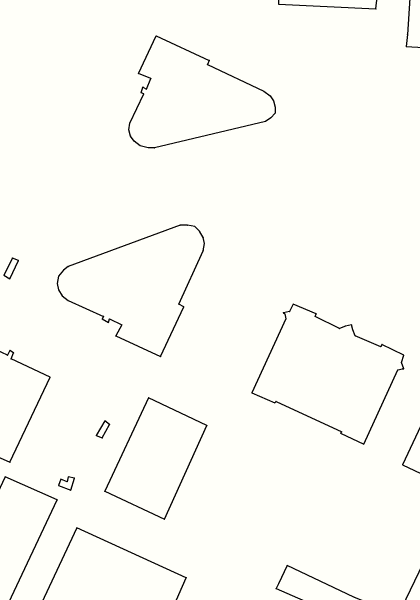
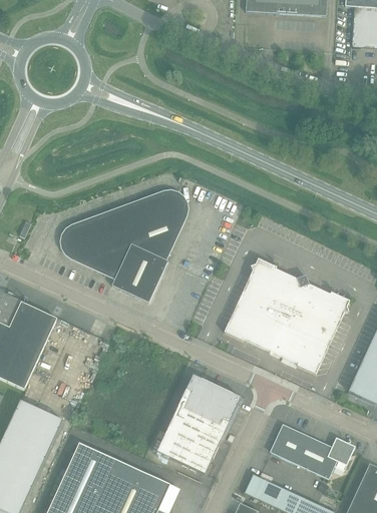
building: [129,36,275,148] -> none
building: [105,398,207,519] -> [156,375,241,475]
building: none -> [271,424,355,479]

